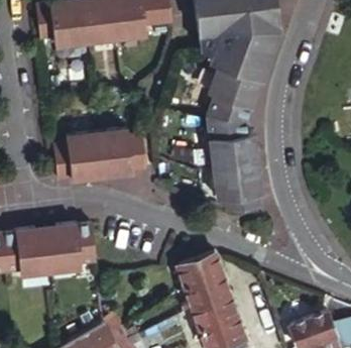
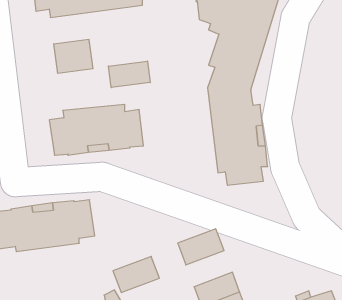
building: none -> [54,39,93,73]
building: none -> [108,61,150,88]
building: [186,273,231,309] -> [113,256,159,293]

